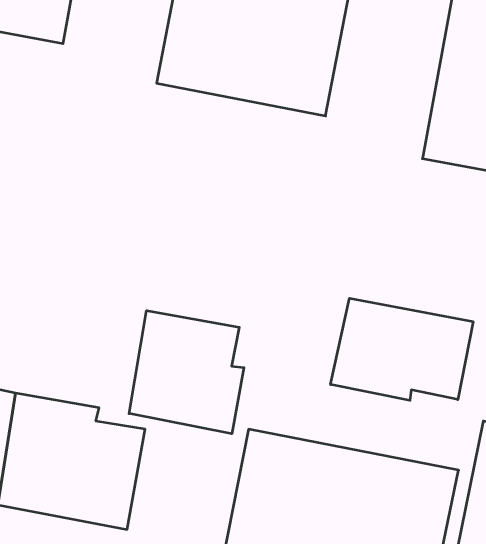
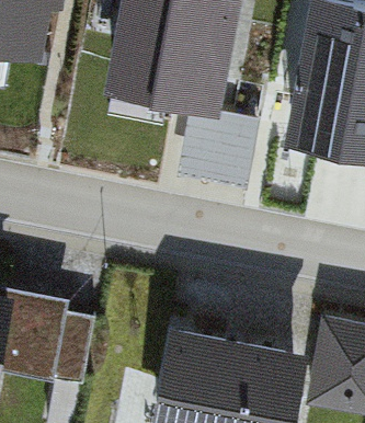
building: [331,298,473,400] -> none
building: [129,311,244,434] -> none

